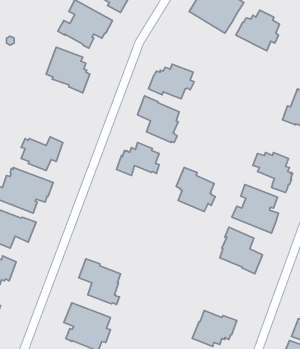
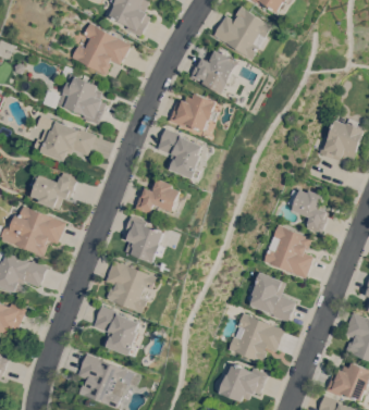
building: [236,10,280,51] -> [190,50,238,95]
building: none -> [37,120,96,162]
building: [176,168,215,211] -> [123,216,165,264]
building: none -> [106,260,157,314]
building: none -> [226,313,284,363]

